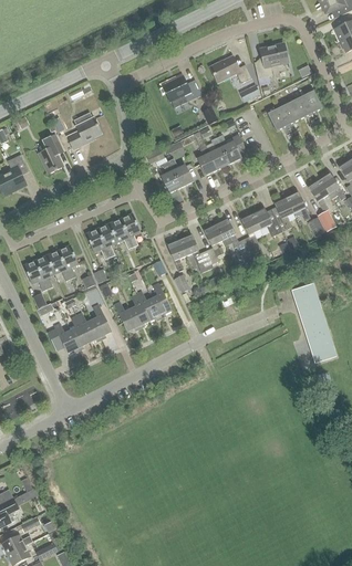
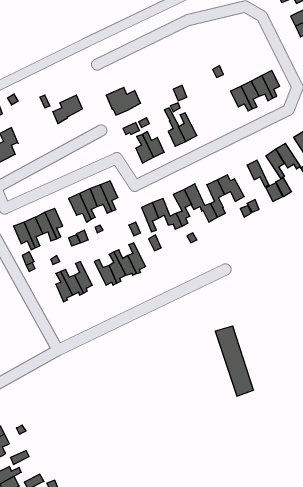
building: [255,43,288,78] -> none
building: [209,56,252,83] -> none
building: [163,76,201,107] -> [106,87,141,115]
building: [39,134,64,174] -> none
building: [216,134,245,163] -> none
building: [271,196,293,231] -> none
building: [292,283,335,361] -> [215,326,254,396]
building: [49,323,80,353] -> none

